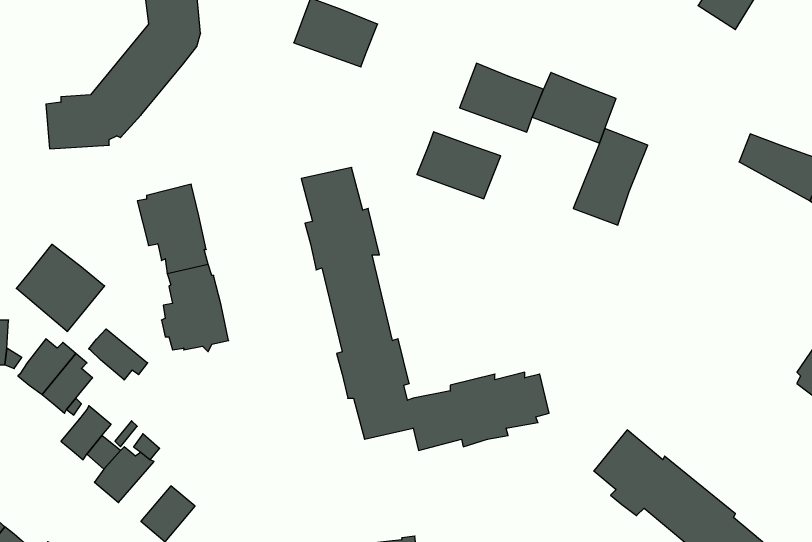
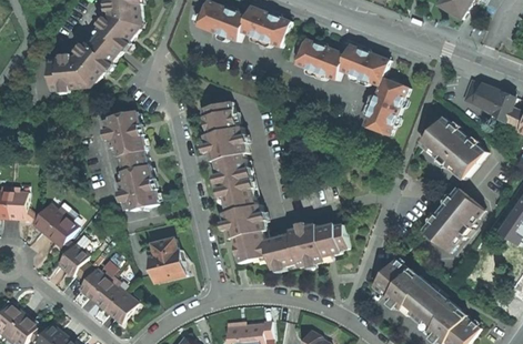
building: [417,132,501,199] -> [240,7,290,47]
building: none -> [423,118,485,176]
building: [16,244,105,332] -> none
building: none -> [421,188,480,250]
building: [89,329,148,380] -> none
building: none -> [149,239,185,282]
building: none -> [92,276,123,312]

